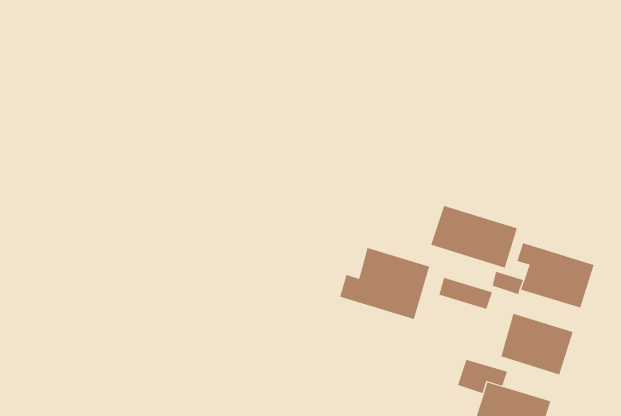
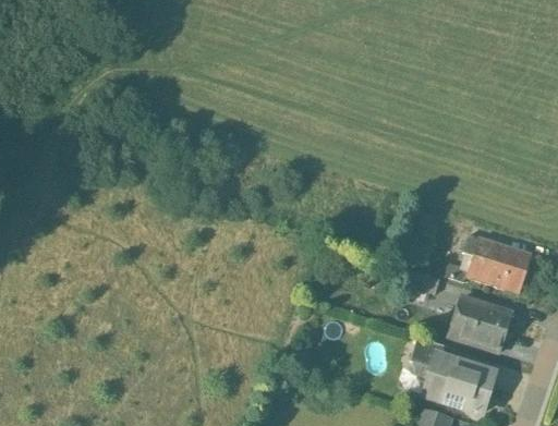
building: [430,205,517,269] -> none
building: [340,247,430,320] -> none

